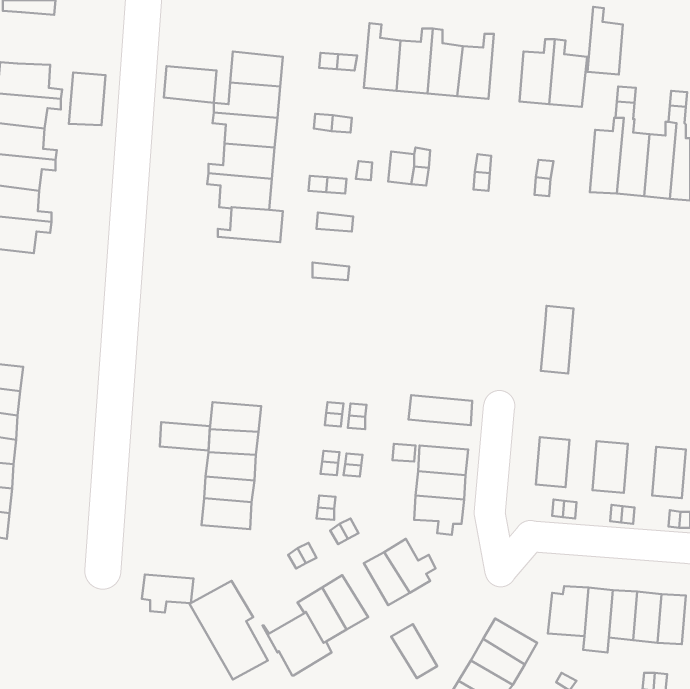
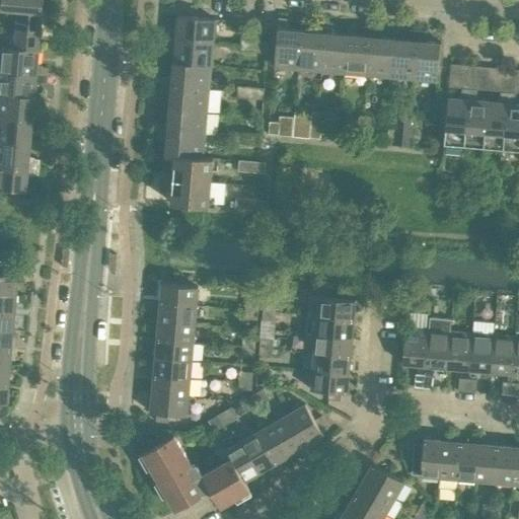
building: [588,7,623,75] -> [366,27,392,78]
building: [164,66,216,103] -> [174,17,214,45]
building: [69,72,105,125] -> [13,11,41,51]
building: none -> [162,179,210,208]
building: [541,306,573,373] -> [424,318,448,369]
building: none -> [314,317,353,339]
building: [160,422,210,451] -> [159,285,197,306]
building: none -> [467,335,492,373]
building: [142,575,193,612] -> [149,395,188,424]
building: [391,624,437,678] -> [256,424,291,464]

